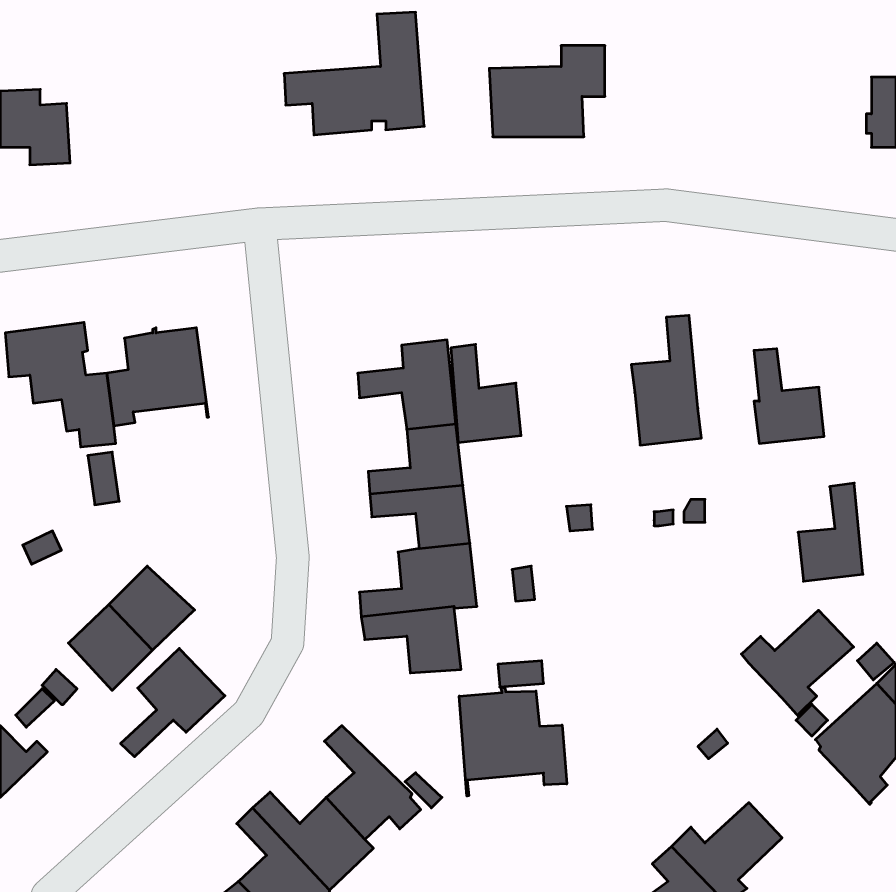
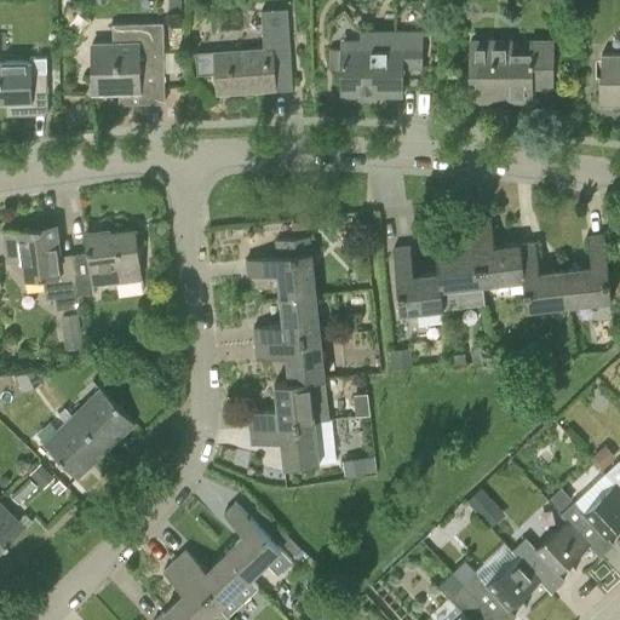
building: none -> [92,24,165,105]
building: none -> [471,40,552,102]
building: none -> [476,218,524,285]
building: [451,344,521,443] -> [394,247,442,315]
building: [798,483,863,581] -> [566,236,610,304]
building: [741,610,854,717] -> [512,521,590,595]
building: [121,648,225,757] -> none
building: [459,687,567,796] -> none

